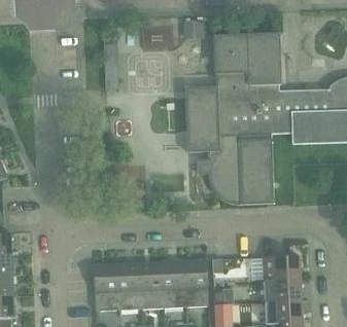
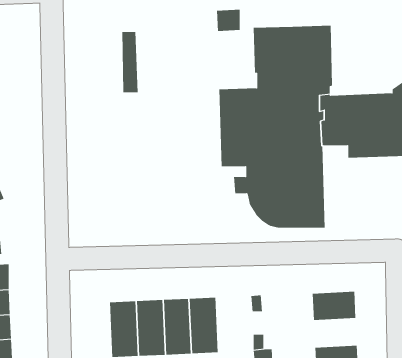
building: [183,259,208,306] -> none
building: [265,278,302,302] -> none

